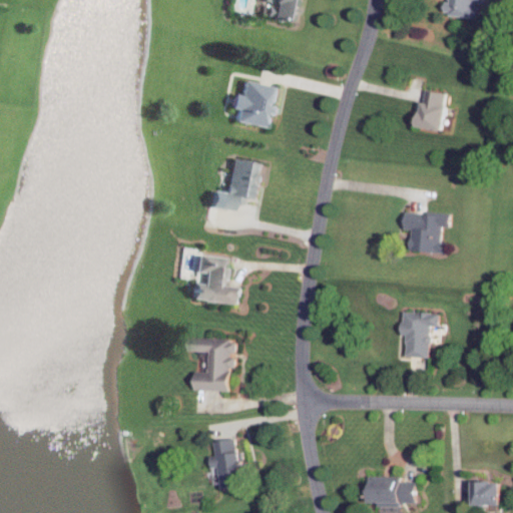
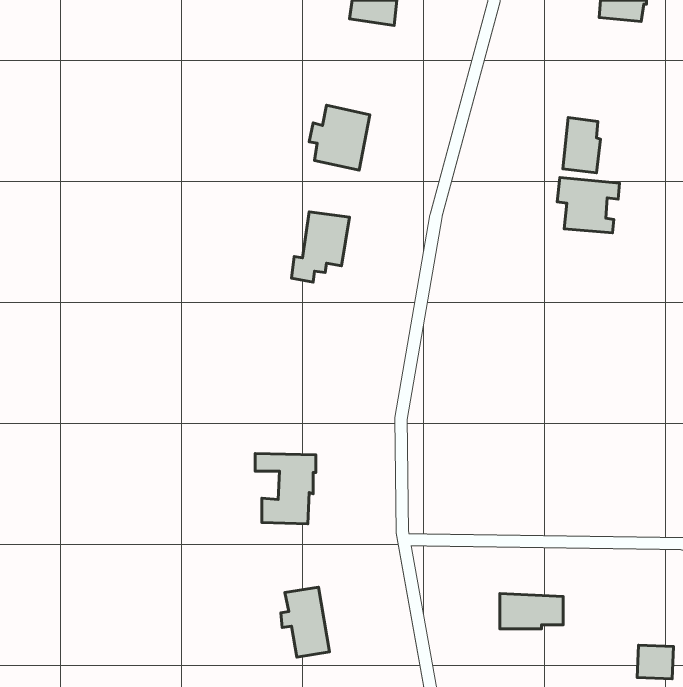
building: [403,211,449,252] -> [557,178,619,233]
building: [191,254,238,305] -> none
building: [400,312,437,358] -> none
building: [367,480,414,506] -> [500,594,563,629]

